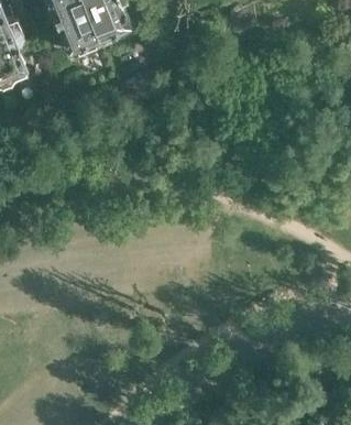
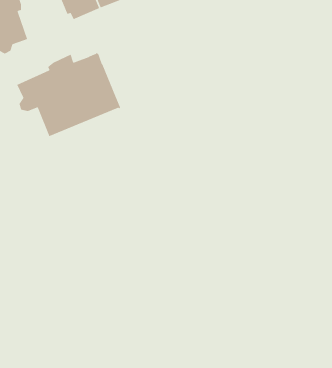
building: none -> [16,52,121,137]

